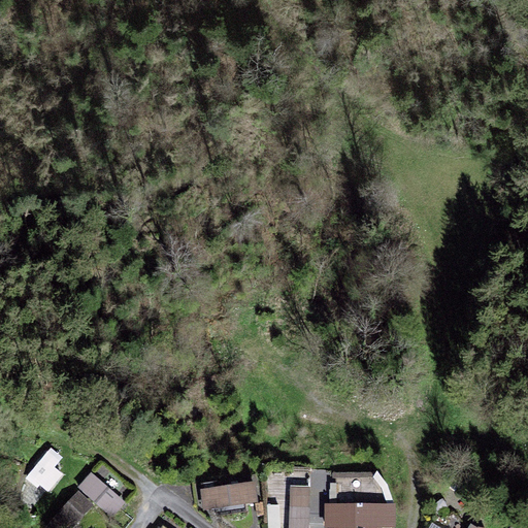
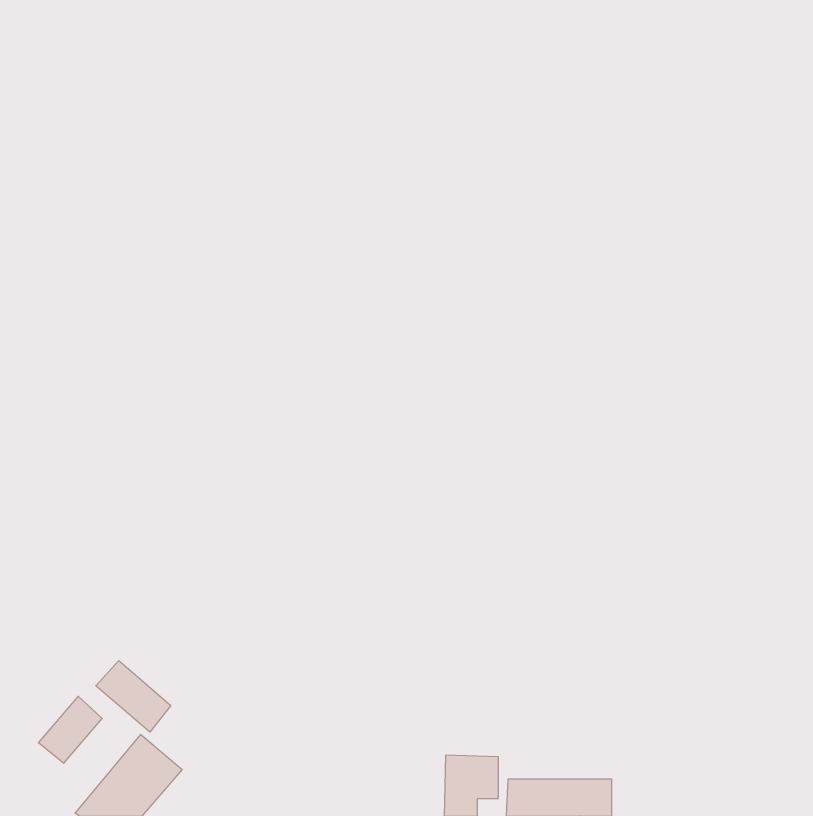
building: none -> [96,661,171,732]
building: [200,483,256,510] -> none

